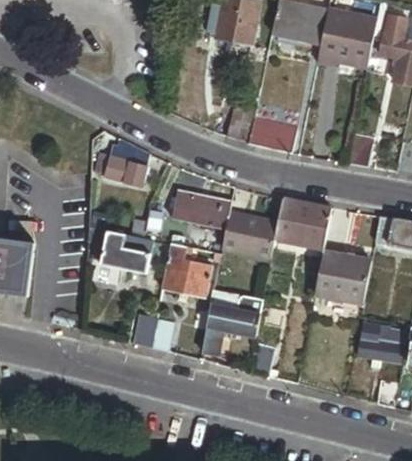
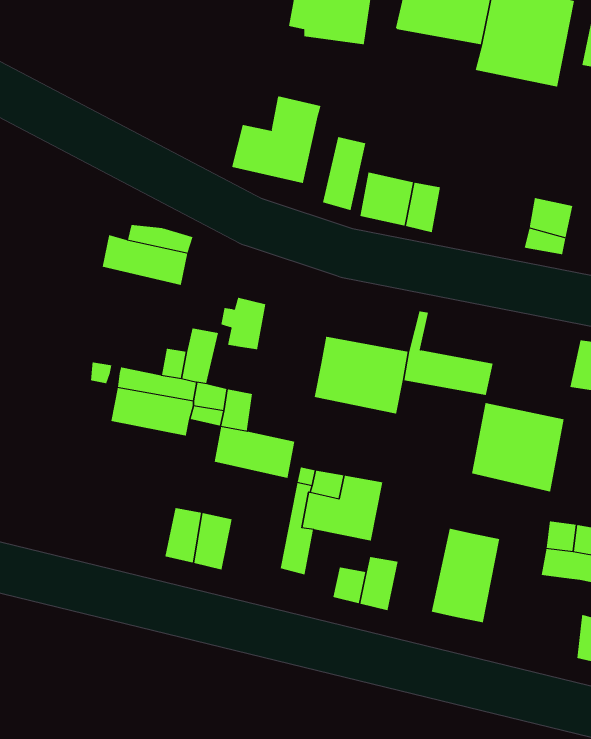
building: none -> [231,96,321,184]
building: [189,189,232,229] -> none
building: [285,199,332,229] -> none
building: none -> [431,528,500,623]

